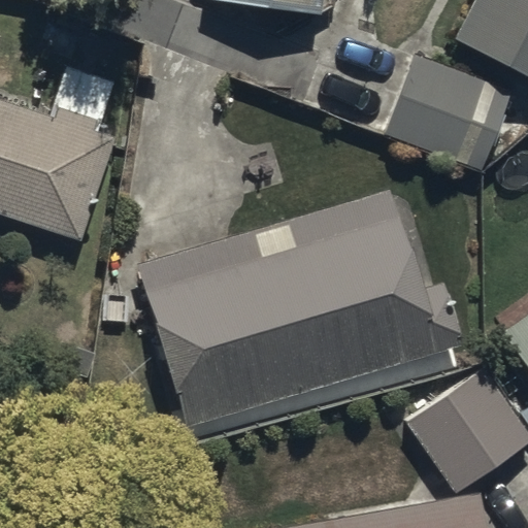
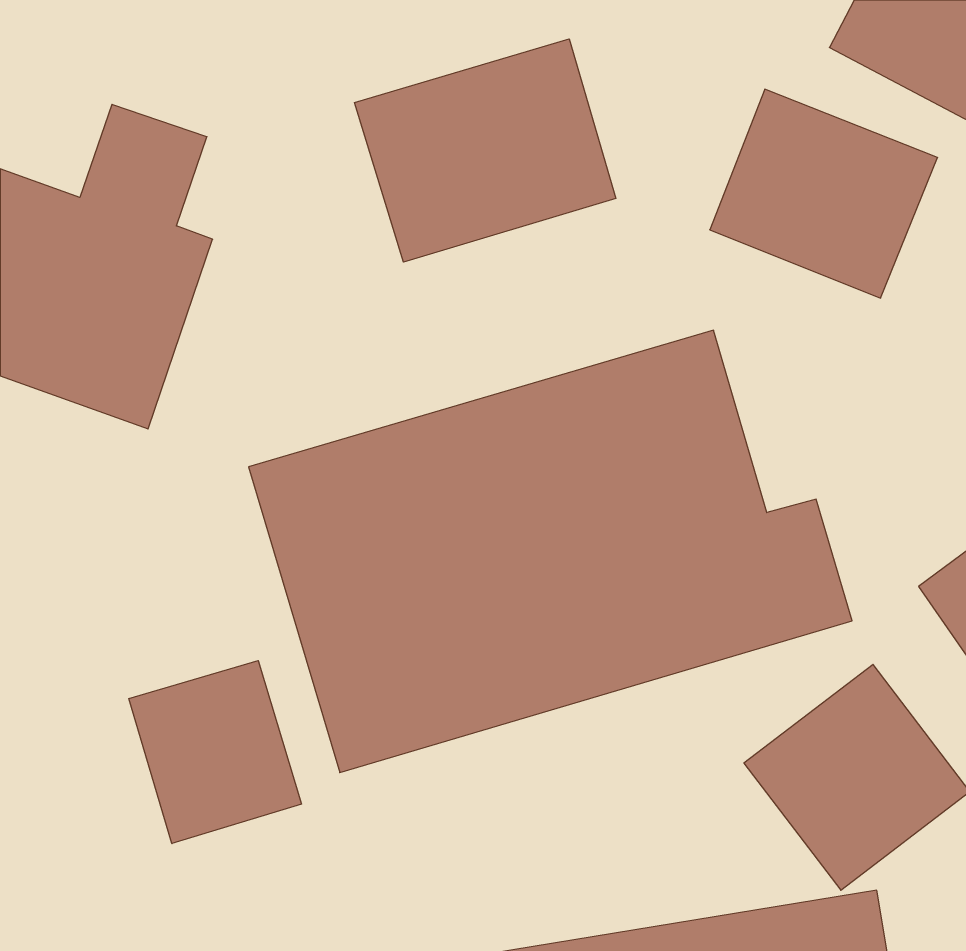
building: none -> [355,39,616,262]
building: none -> [129,661,301,844]

